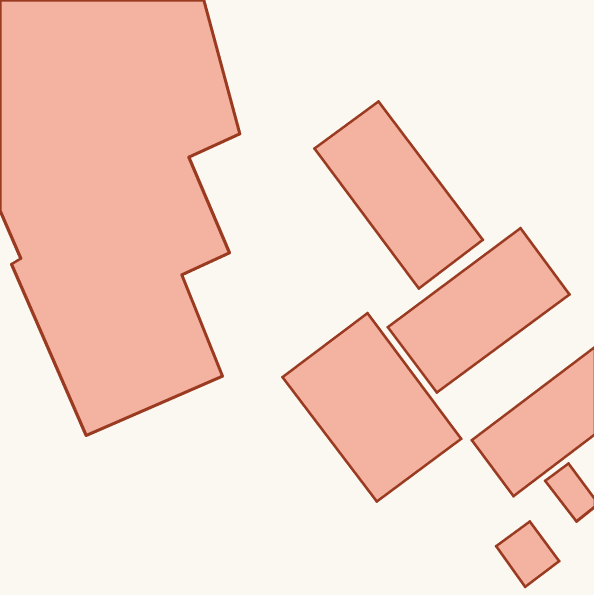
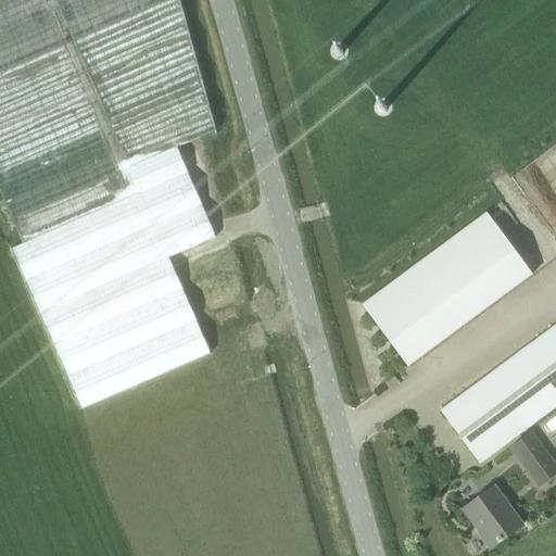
building: [314,101,483,288] -> none
building: [283,313,461,501] -> none

